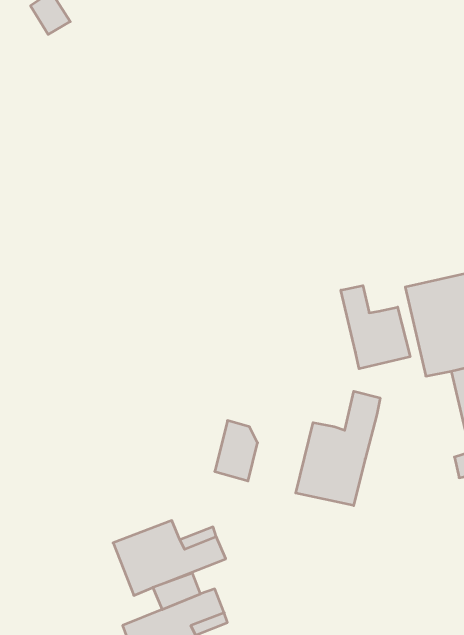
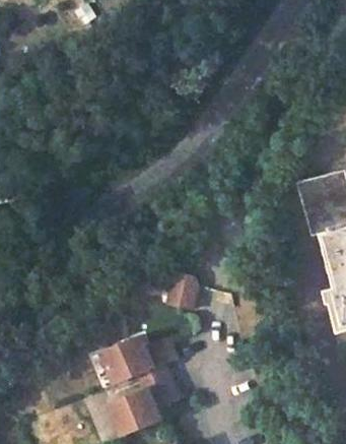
building: [341,286,410,369] -> none
building: [296,391,380,506] -> none

